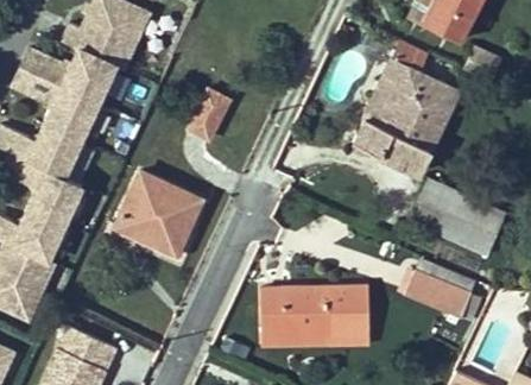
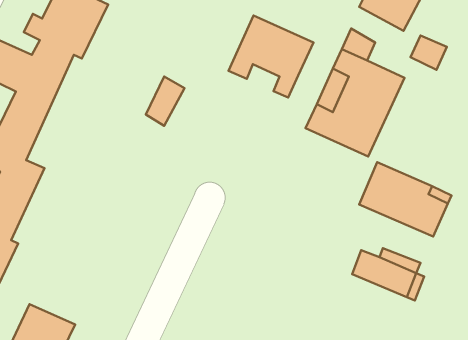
building: none -> [228,16,313,98]
building: [116,173,203,254] -> none
building: [278,288,368,346] -> none

